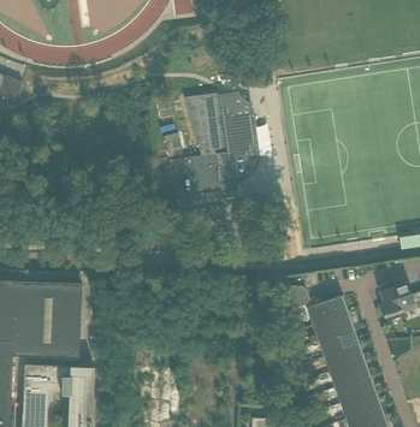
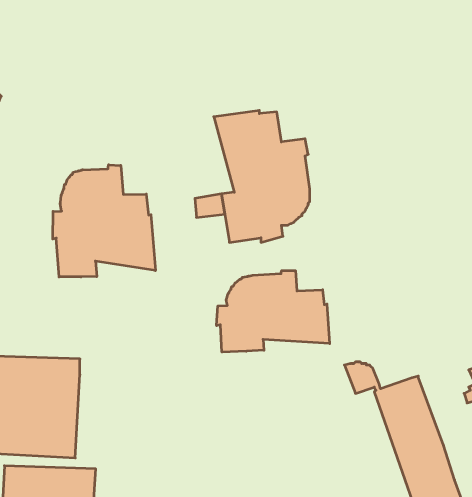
building: none -> [53,165,155,277]
building: none -> [217,271,330,352]

